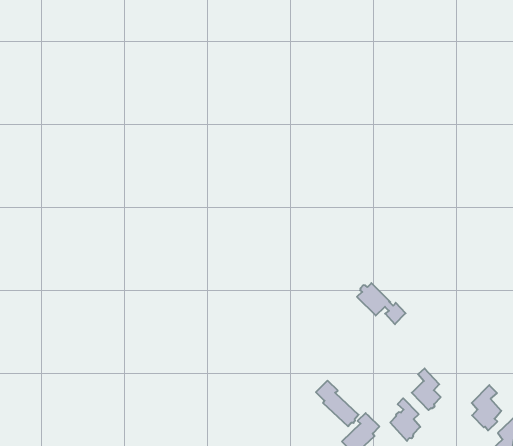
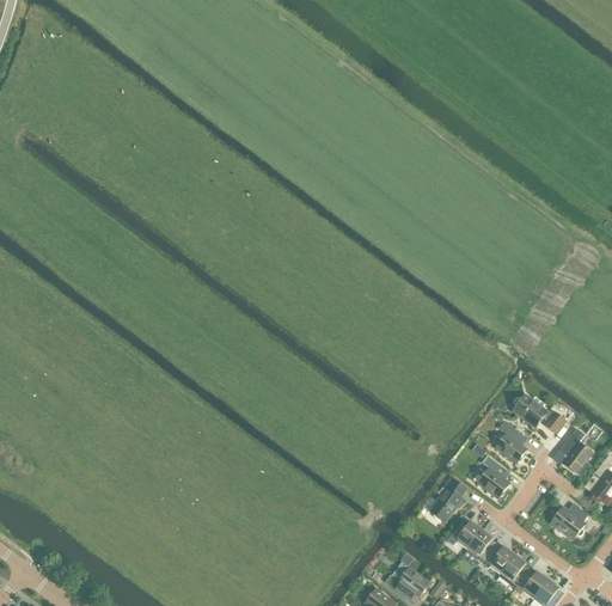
building: [357,283,406,324] -> [512,393,565,433]
building: [316,381,359,426] -> none

